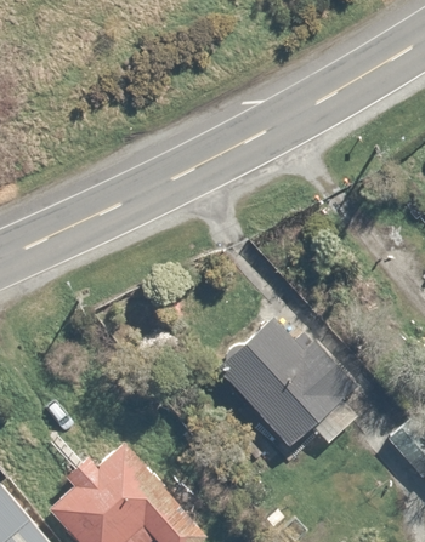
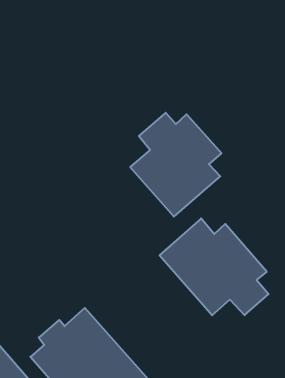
building: none -> [130,113,221,217]

